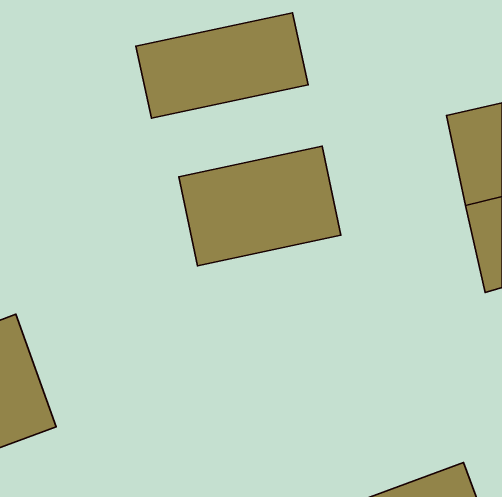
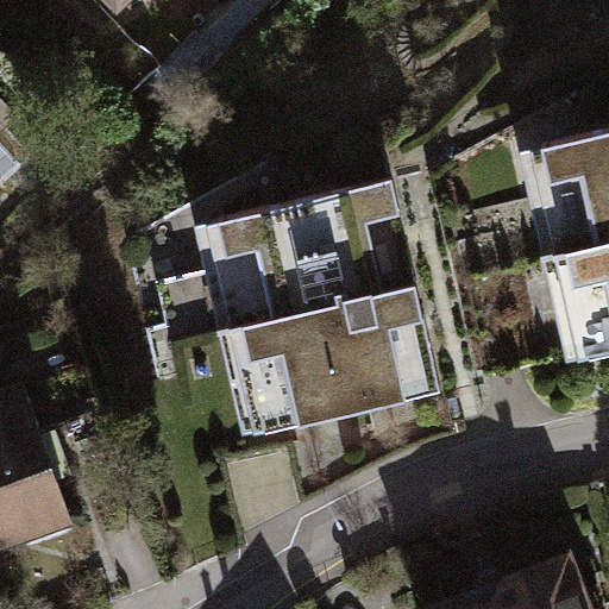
building: [136,13,308,118] -> none
building: none -> [238,293,434,435]

